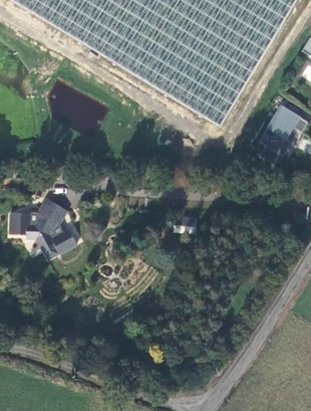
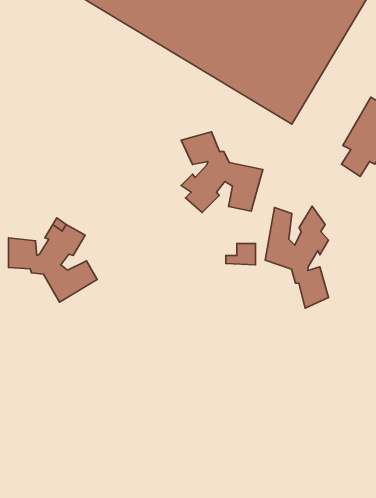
building: none -> [181,132,263,212]
building: none -> [265,206,328,308]

